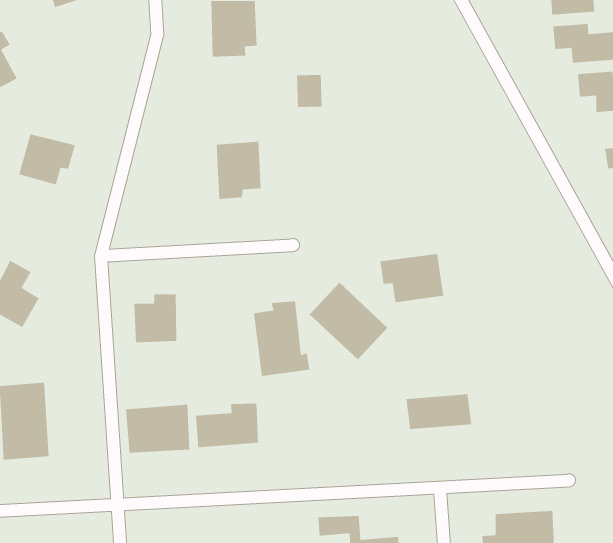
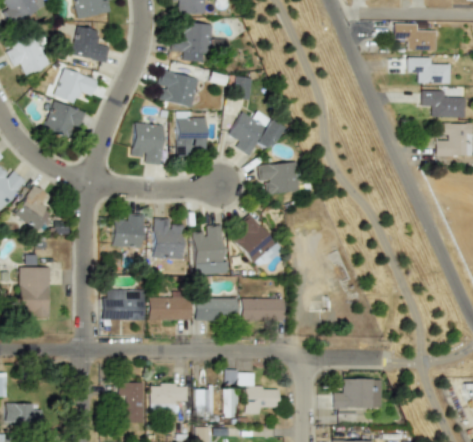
building: none -> [72,26,110,62]
building: none -> [159,70,199,108]
building: none -> [53,67,97,104]
building: none -> [228,110,282,155]
building: none -> [132,123,163,163]
building: [380,253,444,303] -> [259,162,300,193]
building: none -> [152,218,183,258]
building: [406,393,472,430] -> [241,298,284,319]
building: none -> [195,298,237,320]

